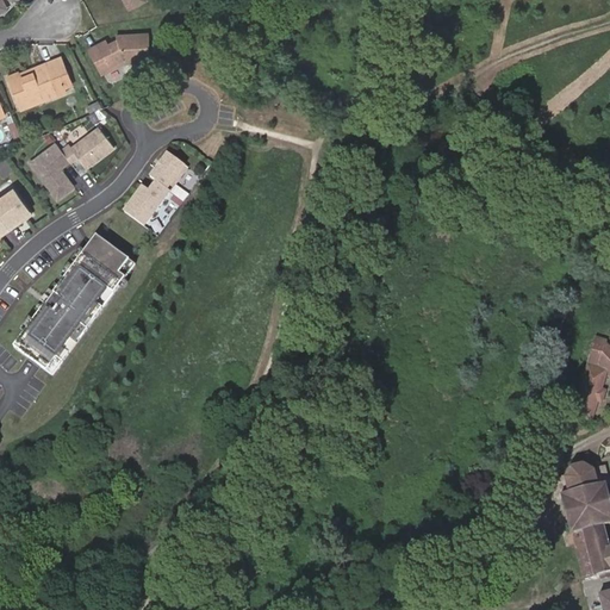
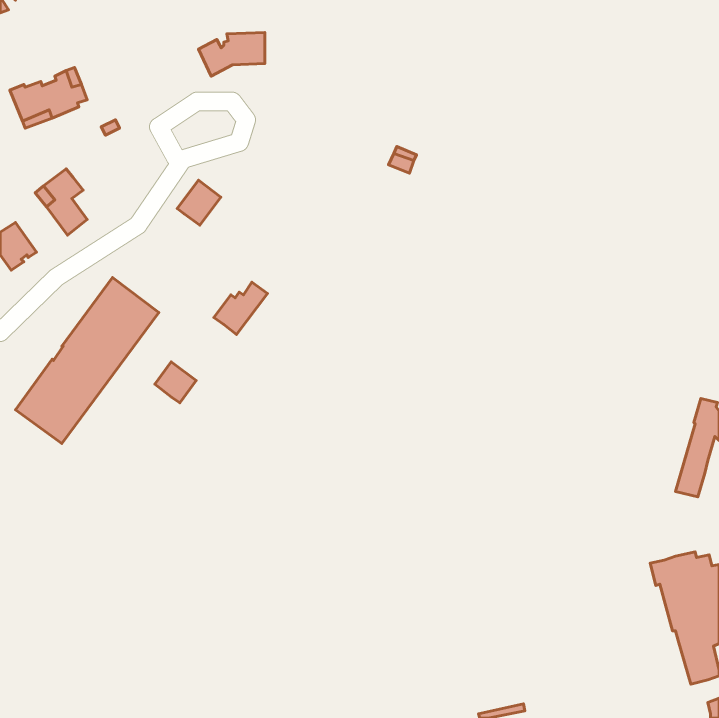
building: [91,32,147,69] -> [199,32,265,76]
building: [62,126,114,168] -> none
building: [124,181,169,225] -> [214,282,267,334]
building: none -> [155,362,196,403]

